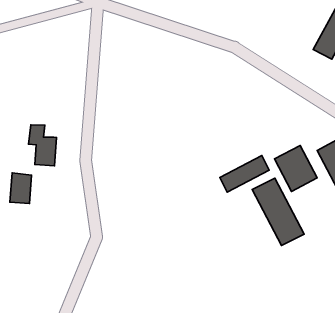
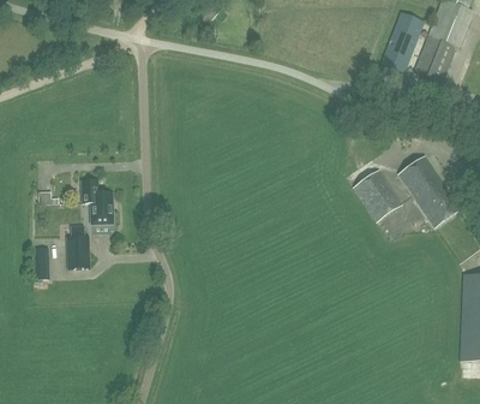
building: [220,155,269,192] -> none
building: [252,178,304,246] -> none

